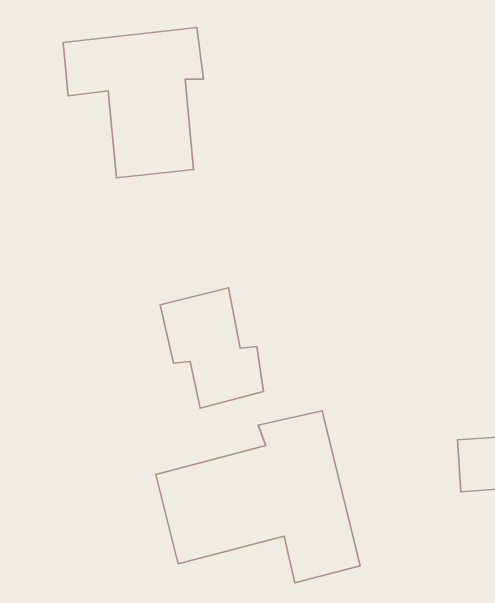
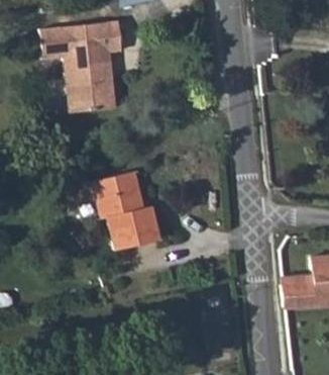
building: [156,411,360,583] -> none

